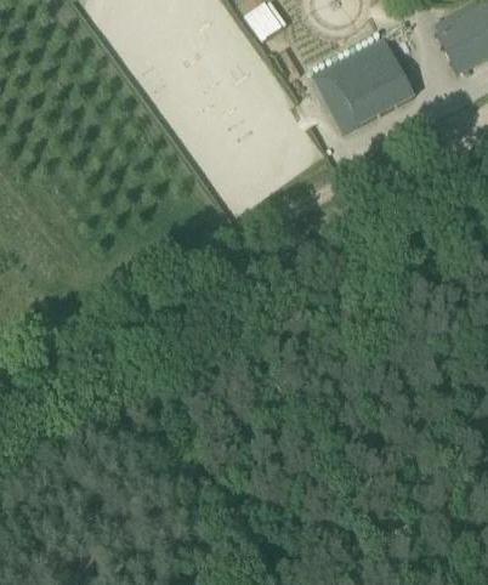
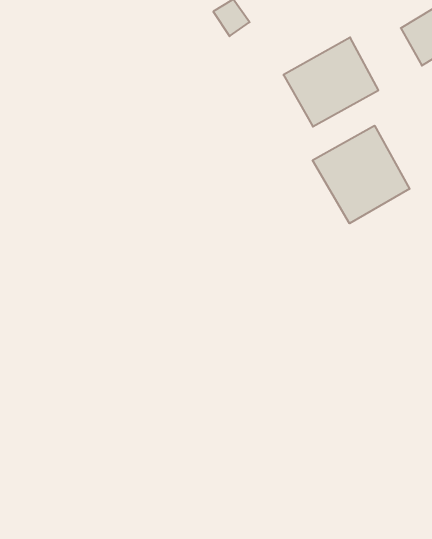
building: none -> [313,126,410,223]

